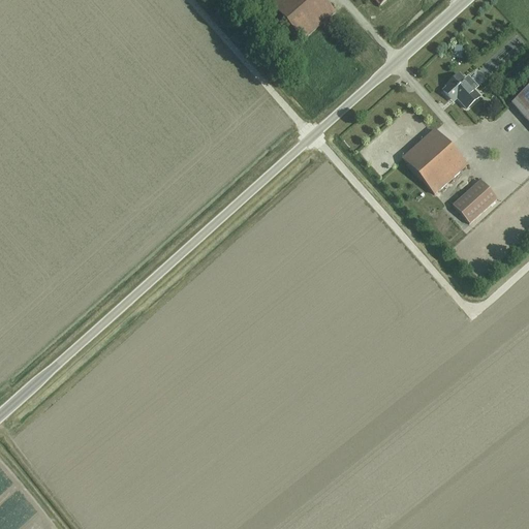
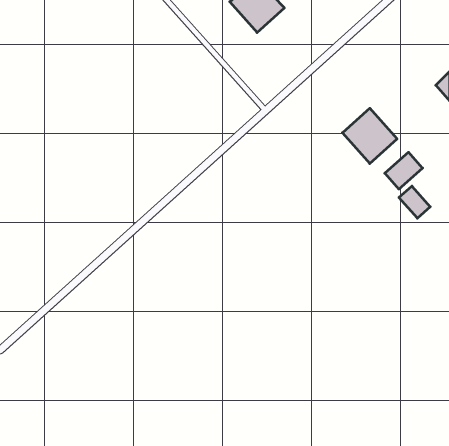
building: [443,72,479,106] -> none
building: none -> [399,186,430,218]

